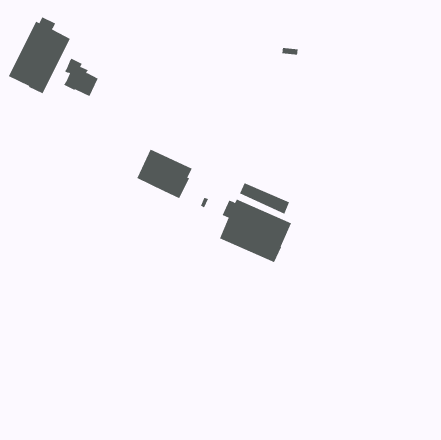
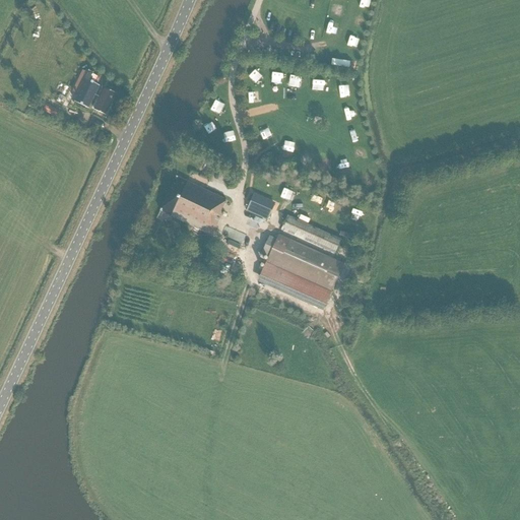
building: [8,16,71,94] -> none
building: none -> [247,193,275,220]

